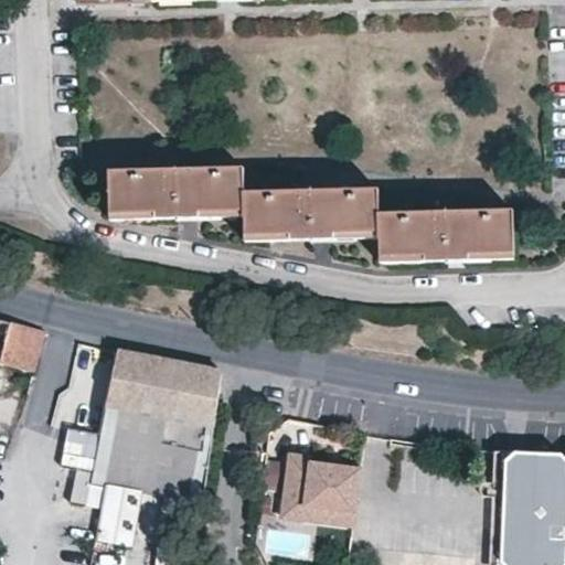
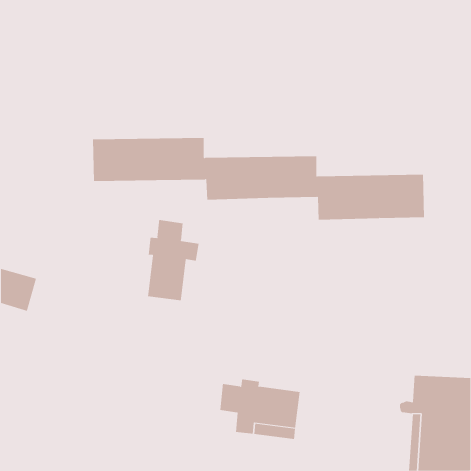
building: none -> [147,219,199,301]
building: [60,350,221,551] -> none

